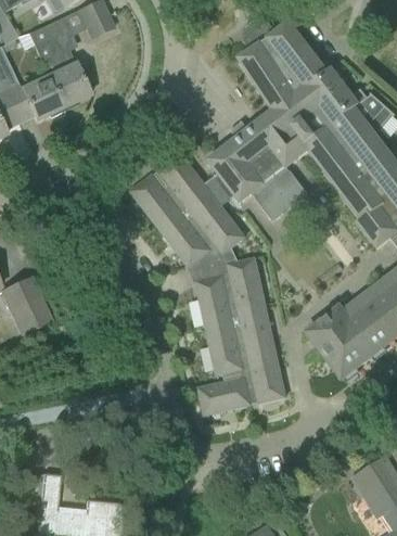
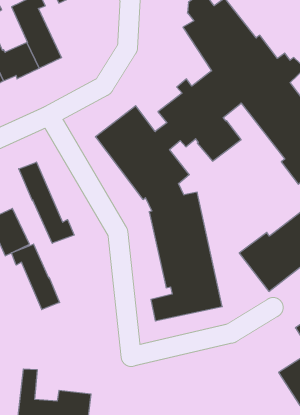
building: none -> [19,162,74,243]
building: none -> [11,244,60,310]

